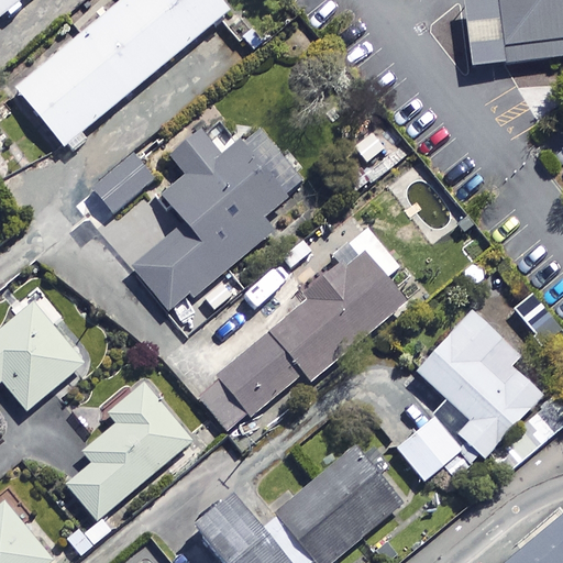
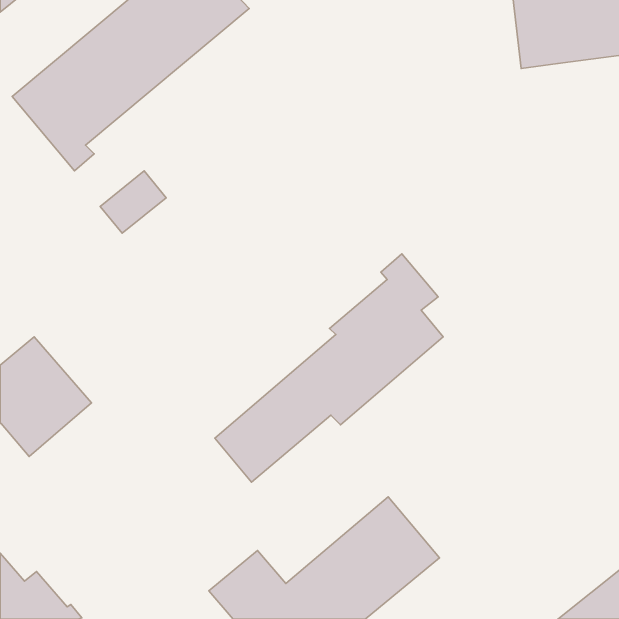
building: [131,118,299,312] -> none
building: [416,308,542,456] -> none
building: [65,382,190,518] -> none
building: [397,417,461,481] -> none

